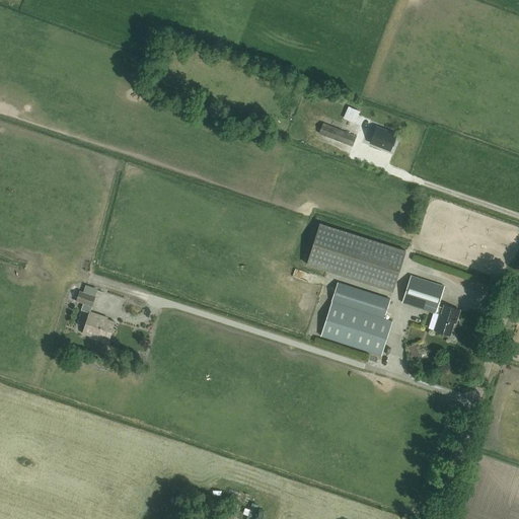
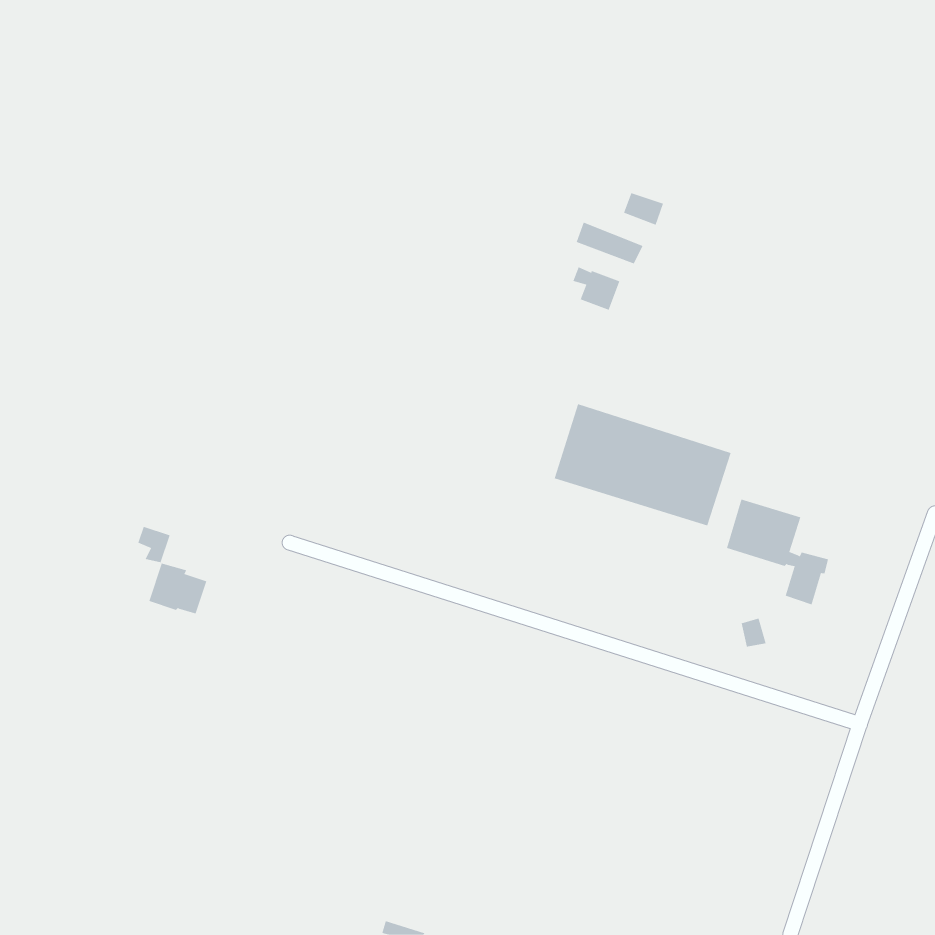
building: [368,127,394,151] -> [573,267,620,311]
building: [319,282,391,355] -> none

